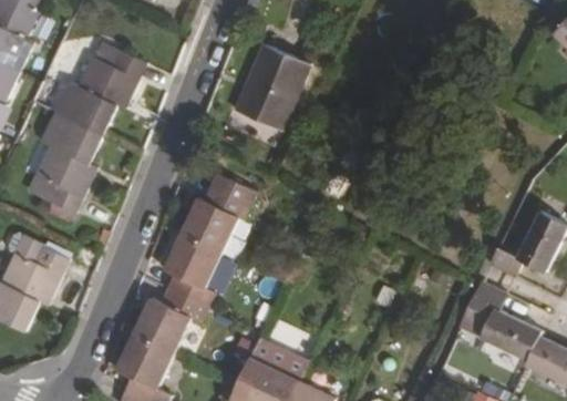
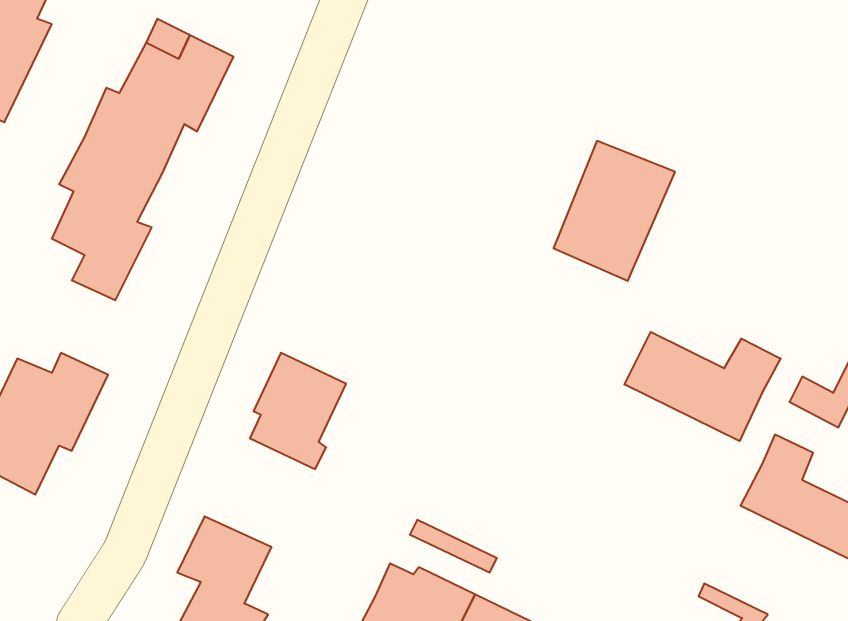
building: [235,47,309,132] -> [553,141,675,281]
building: [178,187,247,254] -> none
building: none -> [624,332,781,441]
building: [132,287,199,353] -> none

